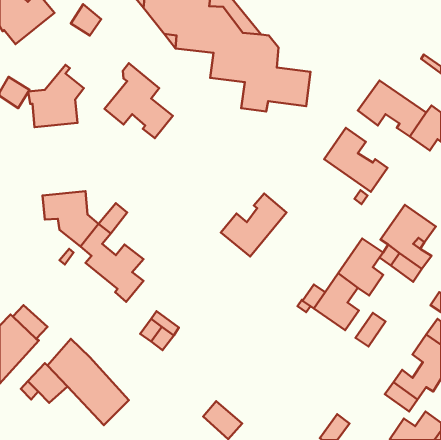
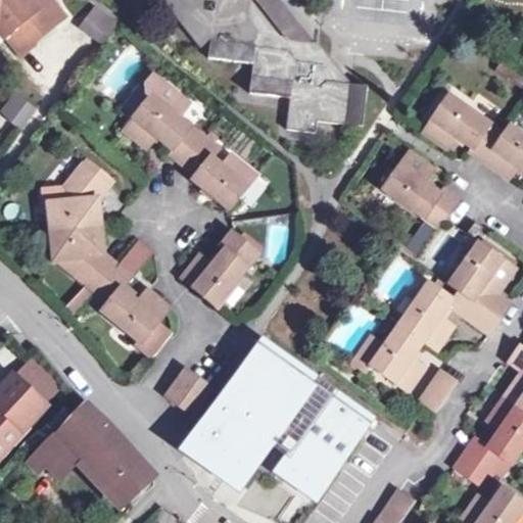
building: [28,65,84,127] -> [43,157,108,231]
building: none -> [183,137,255,208]
building: [221,194,287,257] -> [181,231,258,305]
building: none -> [188,344,368,494]

